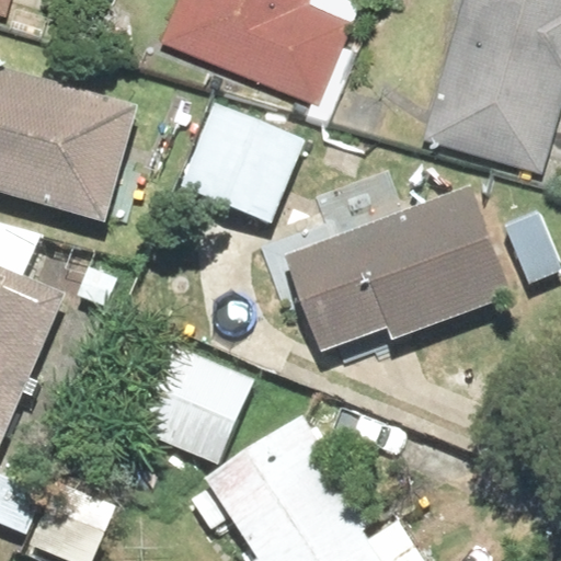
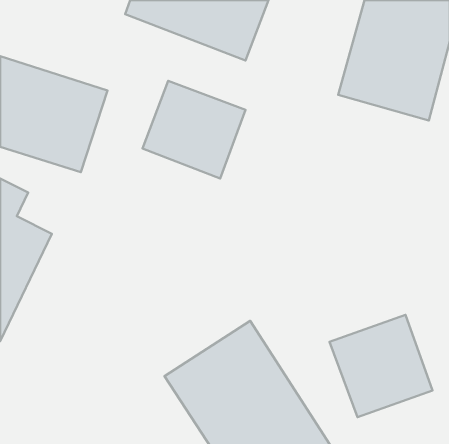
building: [278,185,510,360] -> none
building: [129,341,249,458] -> none
building: none -> [329,315,433,417]

